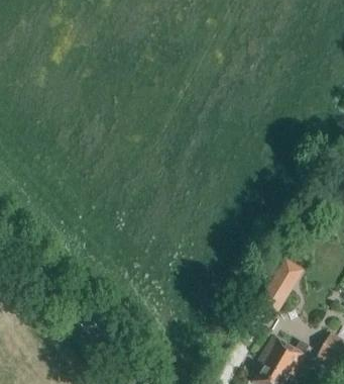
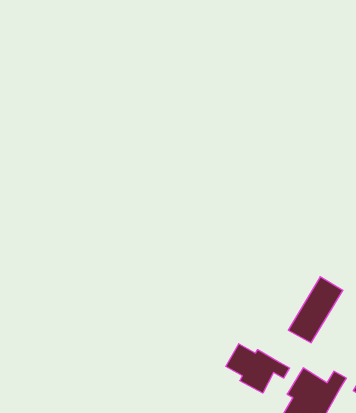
building: none -> [226,344,290,393]

